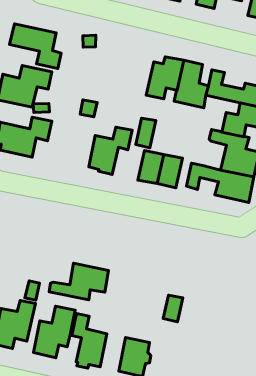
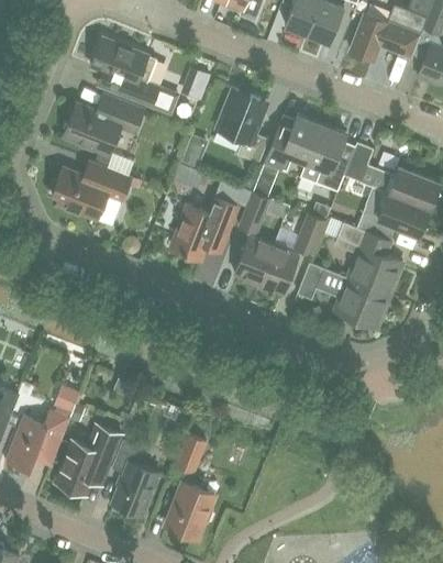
building: none -> [214,88,268,163]
building: none -> [296,213,325,250]
building: [49,263,109,300] -> none
building: [163,295,183,322] -> [175,434,206,472]

